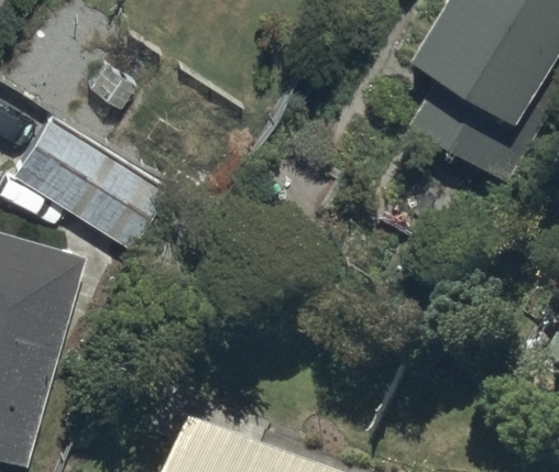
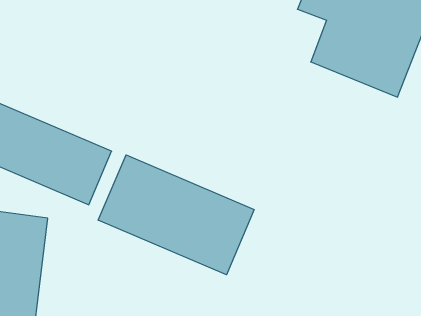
building: none -> [98,155,254,275]

